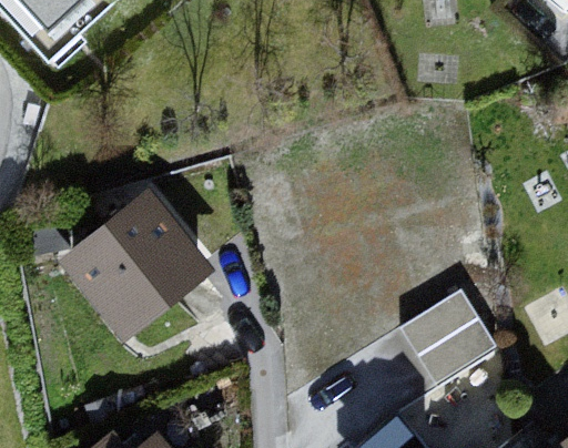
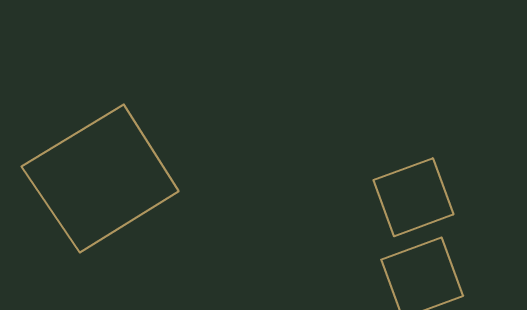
building: none -> [373,158,453,236]

